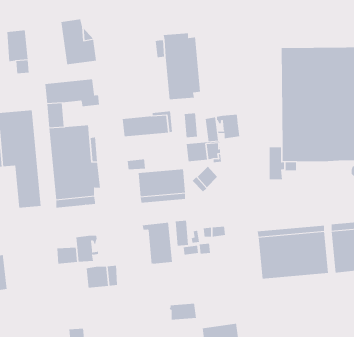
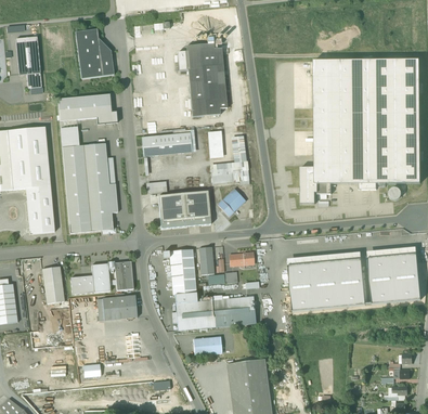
building: [216,114,240,139] -> none
building: none -> [114,260,133,289]
building: none -> [42,266,64,305]
building: none -> [174,292,257,329]

